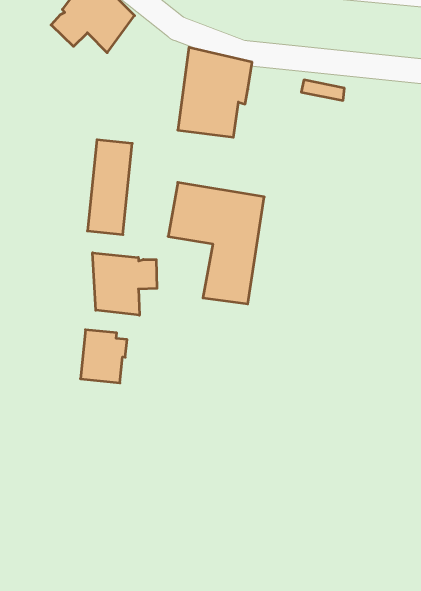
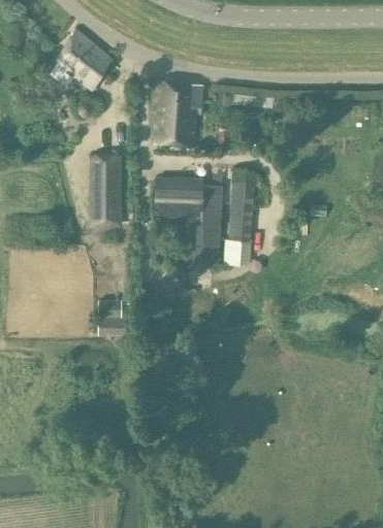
building: none -> [229,168,253,239]
building: [93,253,157,315] -> none

